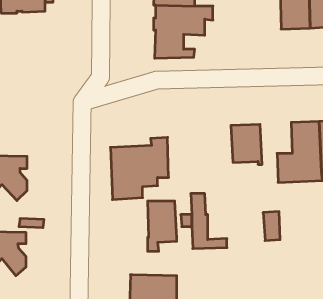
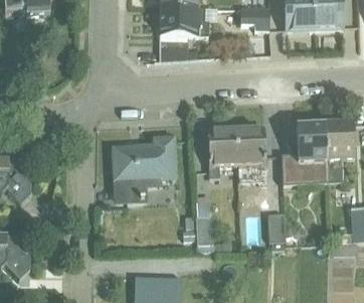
building: none -> [240,8,269,31]
building: [148,201,177,251] -> [208,127,237,177]

